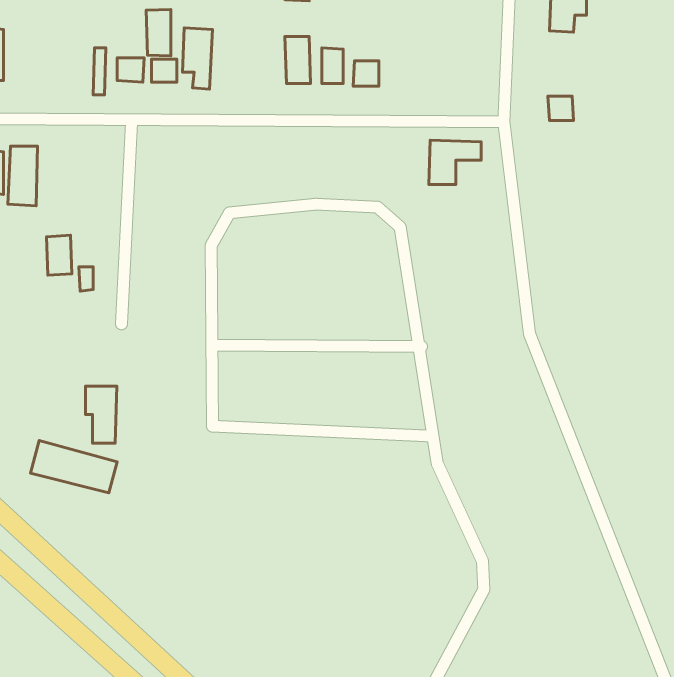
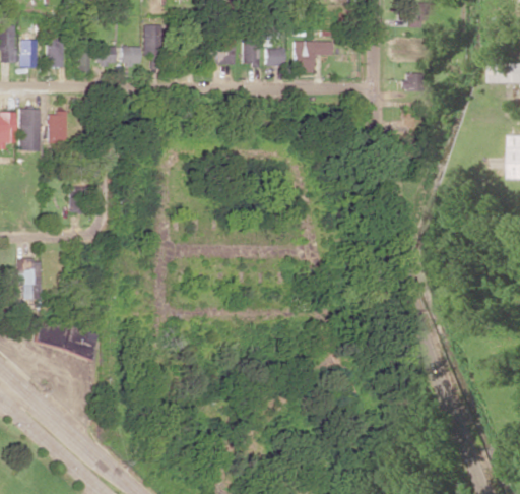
building: [146,10,171,56] -> none
building: none -> [20,39,38,65]
building: none -> [48,39,64,66]
building: [429,140,481,184] -> [295,40,332,71]
building: [46,235,72,275] -> [49,112,67,140]
building: [85,386,117,443] -> [18,257,41,298]

